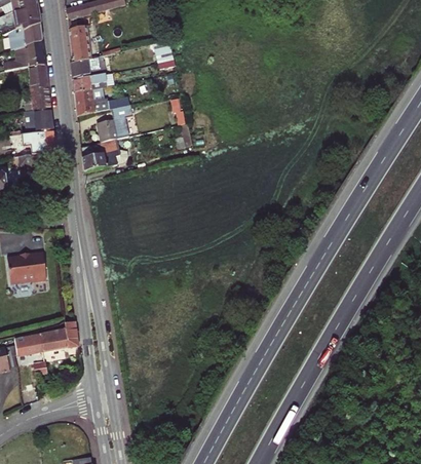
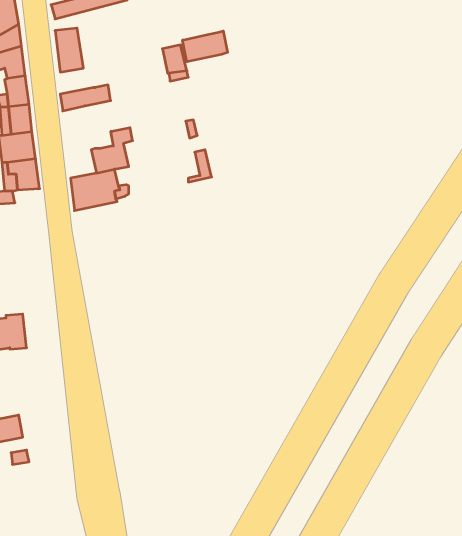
building: none -> [183,31,228,62]
building: [70,56,103,79] -> none
building: [74,88,113,115] -> none
building: [39,322,78,351] -> none

